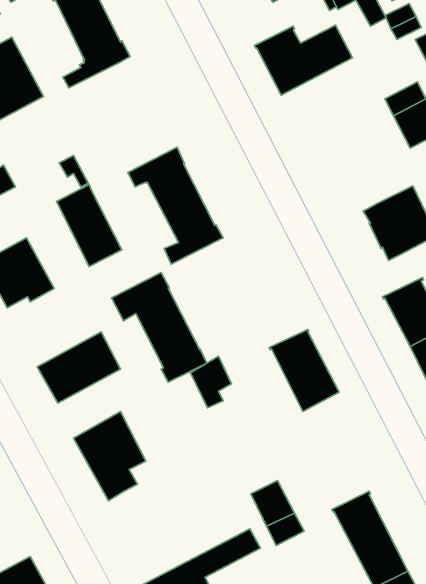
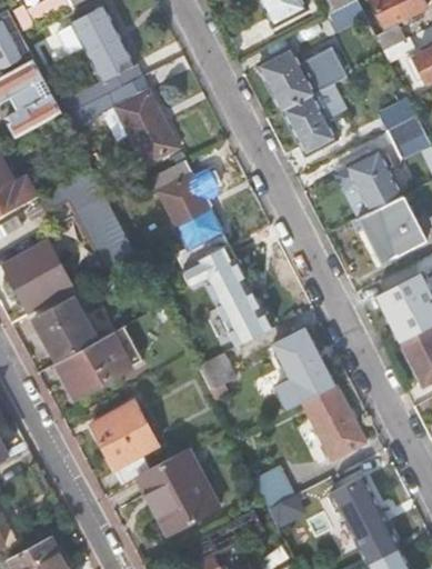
building: none -> [80,81,179,166]
building: none -> [282,84,345,157]
building: none -> [339,148,403,211]
building: [112,272,207,382] -> [183,244,271,346]
building: none -> [34,297,97,359]
building: none -> [302,385,366,461]
building: none -> [138,449,218,531]

